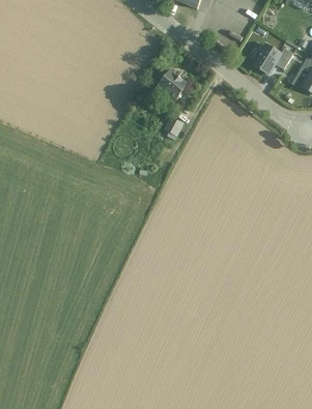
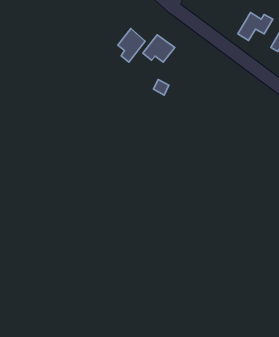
building: none -> [118,28,145,62]

